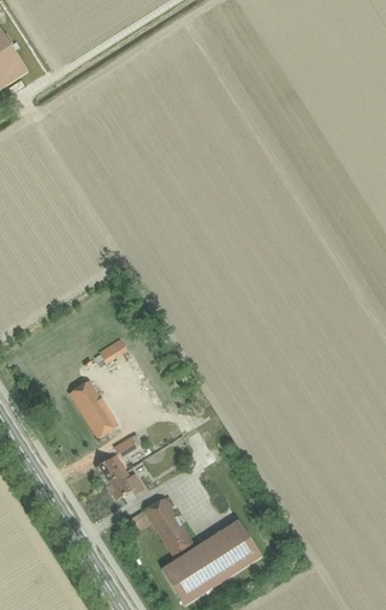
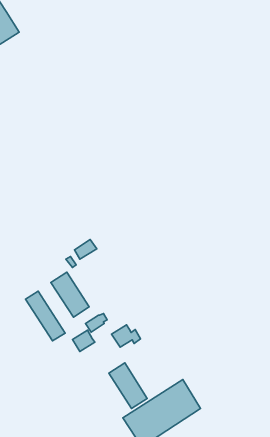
building: none -> [25,291,65,341]
building: [106,470,143,498] -> [112,325,141,347]

